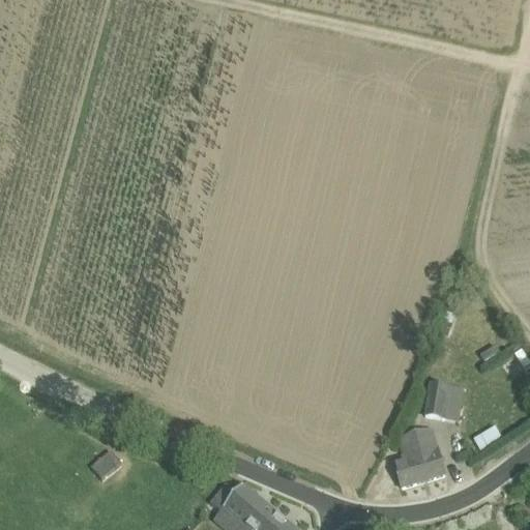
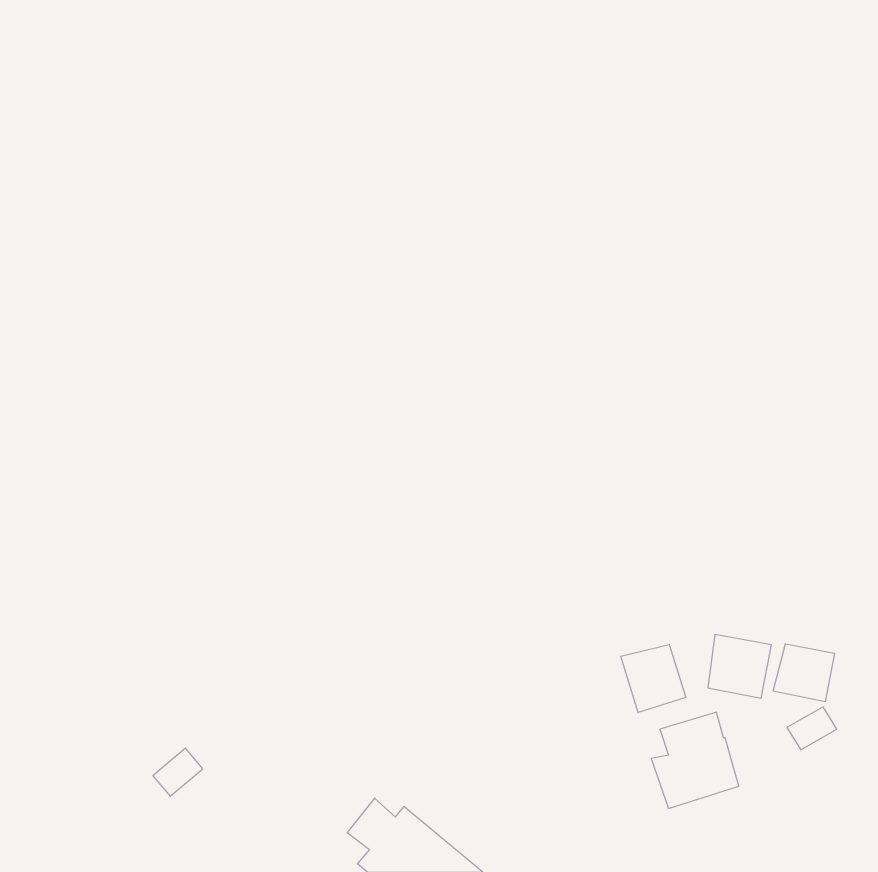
building: none -> [773,644,835,702]
building: none -> [621,644,686,713]

